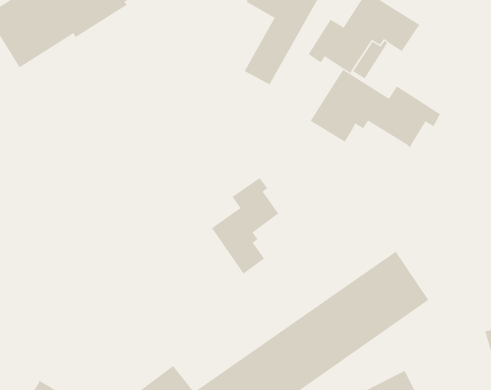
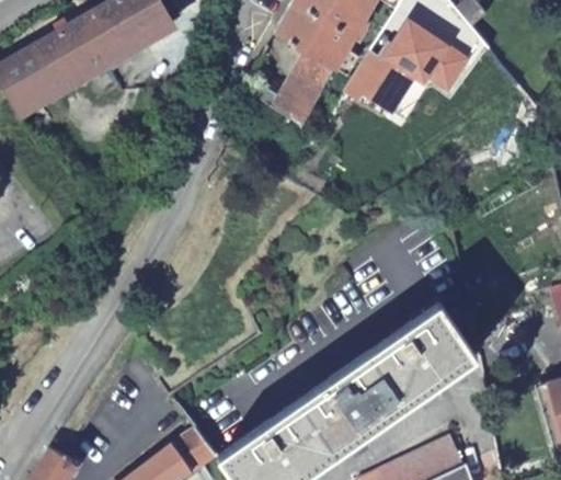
building: [310,69,441,148] -> none
building: [211,177,280,274] -> none

